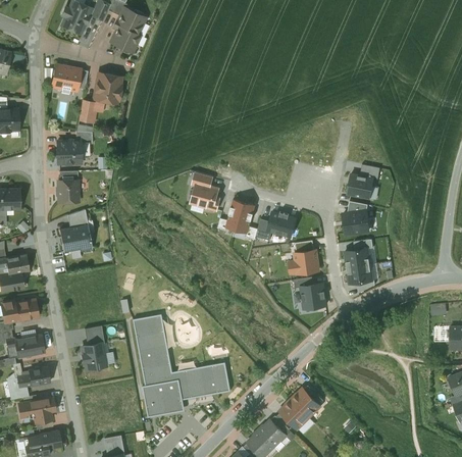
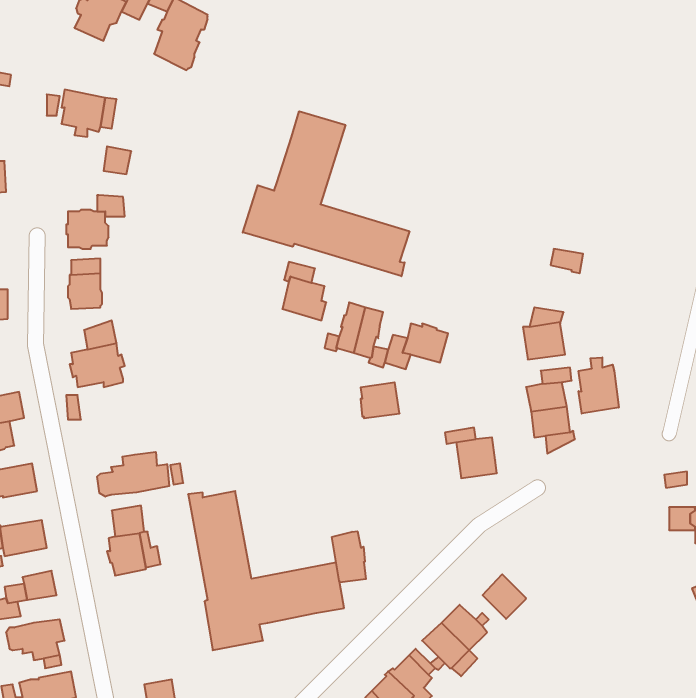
building: [94,72,121,104] -> none
building: none -> [243,111,409,276]
building: [347,173,373,198] -> none
building: none -> [579,357,619,414]
building: [295,250,319,272] -> [361,382,400,418]
building: none -> [97,452,169,497]
building: none -> [332,531,366,583]
building: none -> [483,574,526,619]

